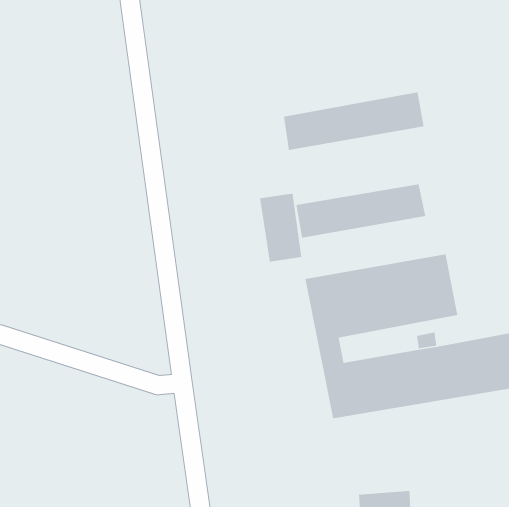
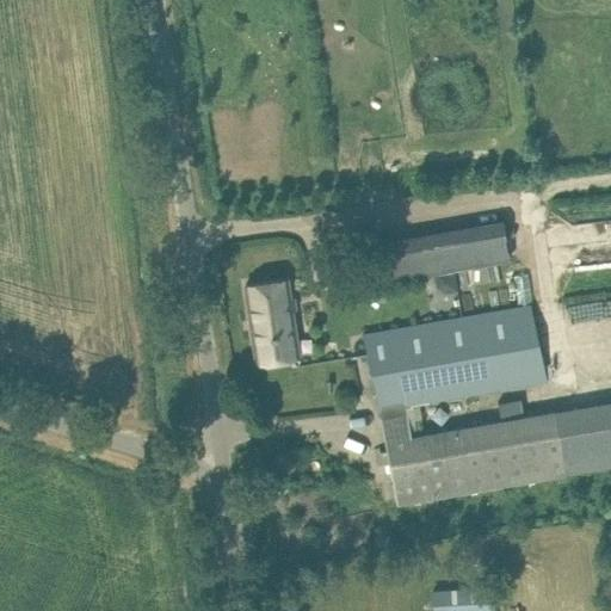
building: [283,91,425,151] -> none
building: [259,193,302,263] -> [247,282,298,365]

